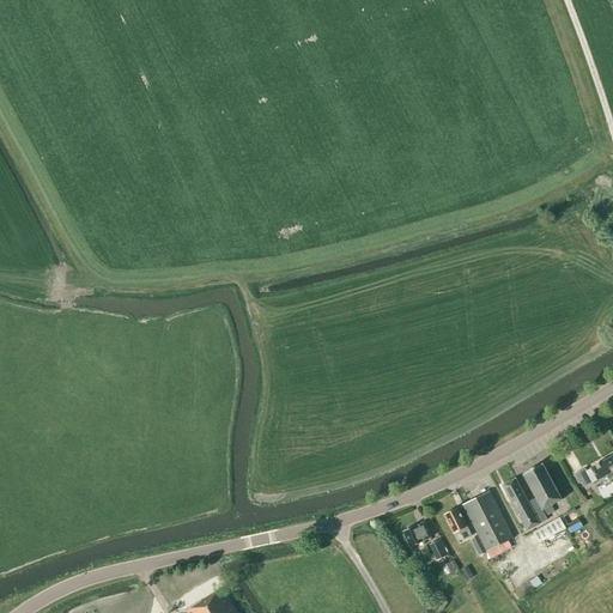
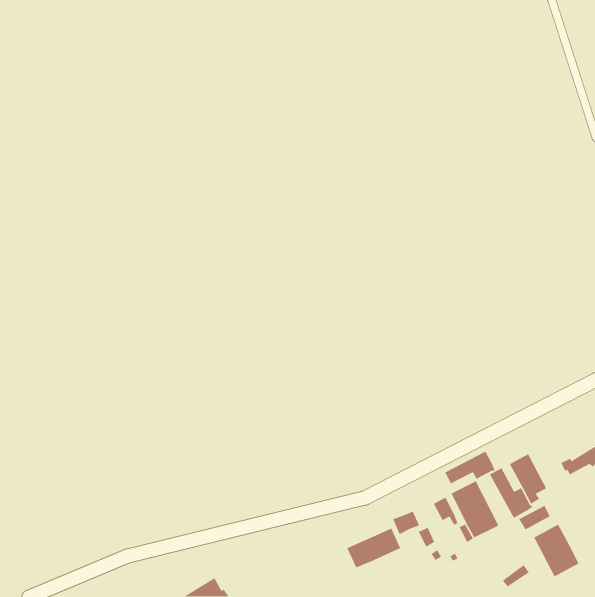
building: none -> [444,451,496,485]
building: none -> [533,524,580,577]
building: none -> [346,528,401,569]

